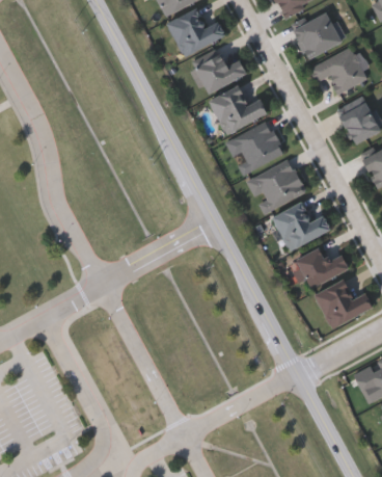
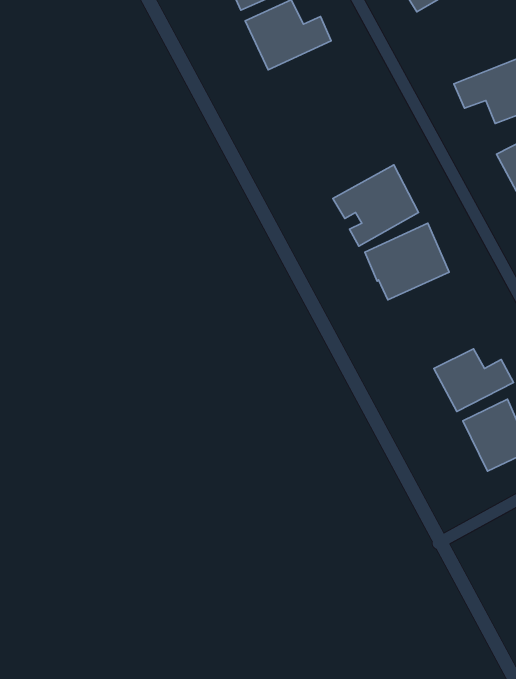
building: [293,14,340,58] -> none
building: [193,52,246,94] -> none
building: [211,87,267,132] -> none
building: [272,201,331,250] -> none

